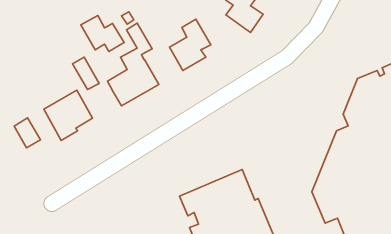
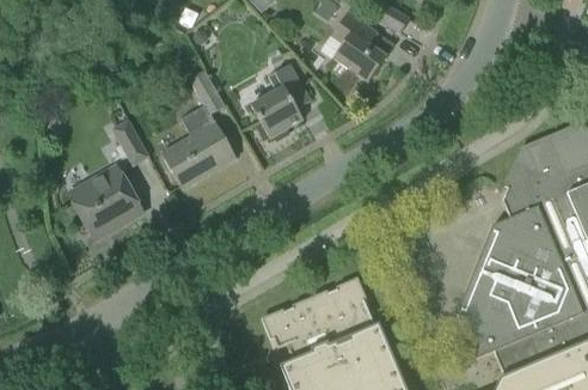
building: [81,15,124,51] -> none
building: [14,118,40,148] -> none

